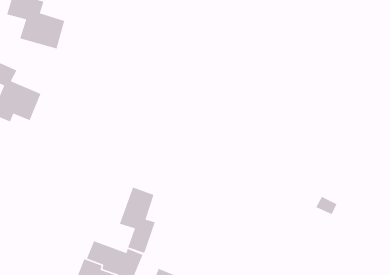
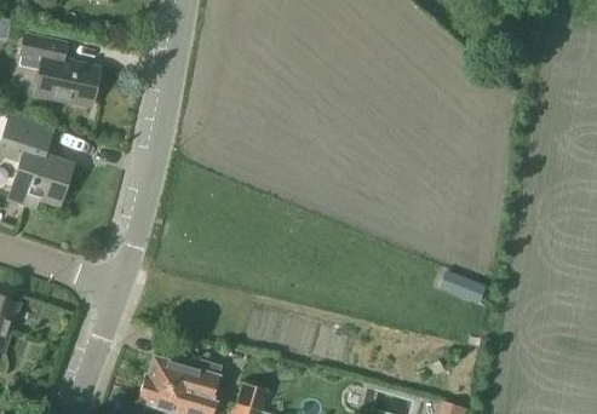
building: [119,186,156,254] -> none

